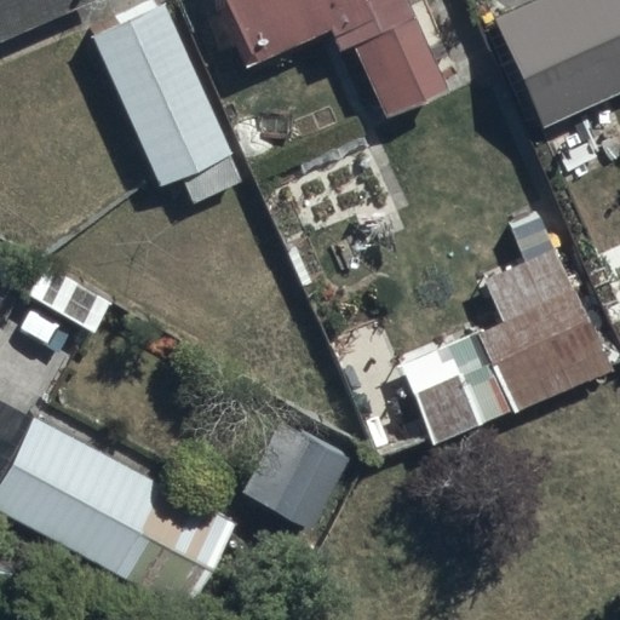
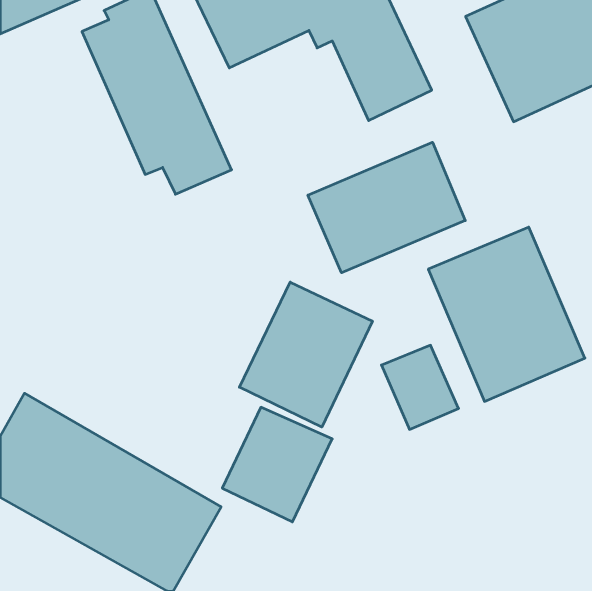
building: none -> [308,142,465,273]
building: none -> [239,282,372,427]

